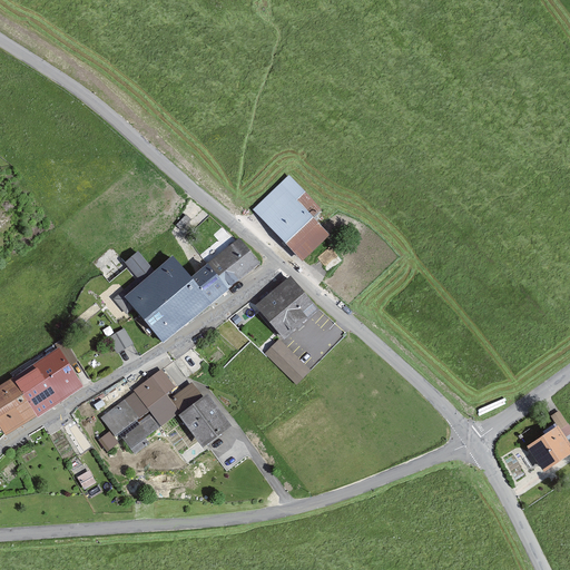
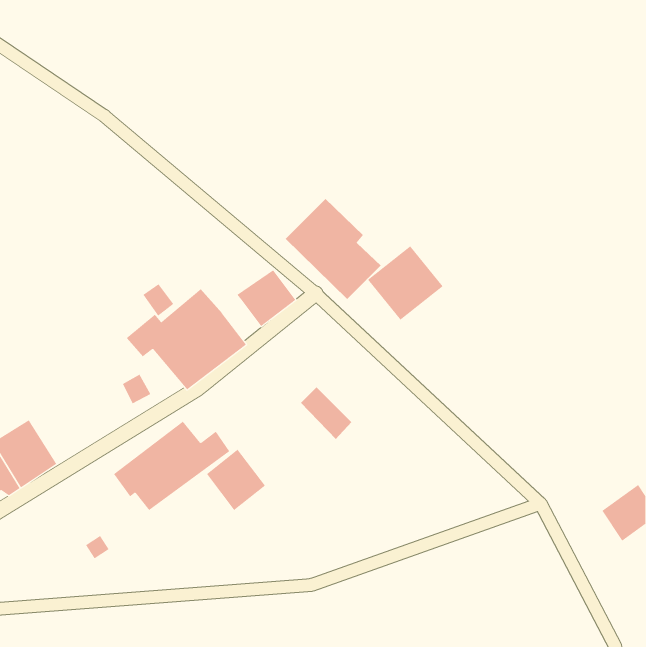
building: [195,263,230,302] -> none
building: [255,274,322,340] -> [367,246,443,321]
building: [26,347,82,406] -> none

